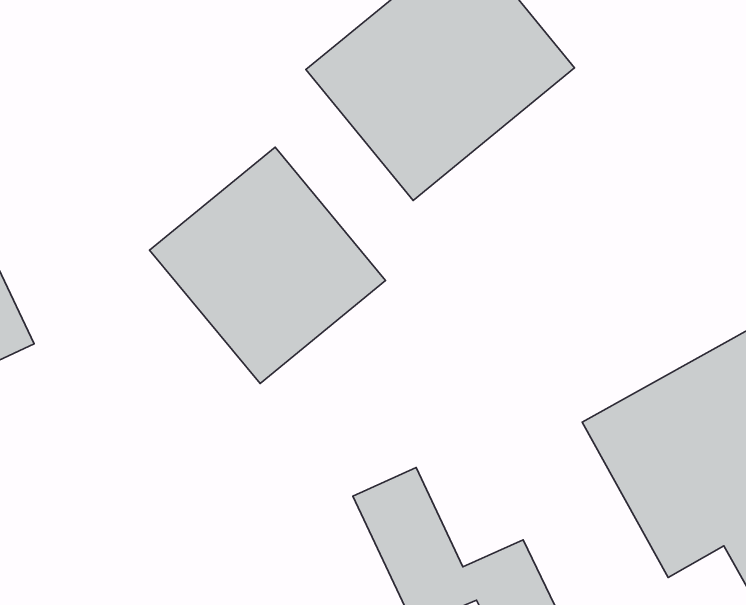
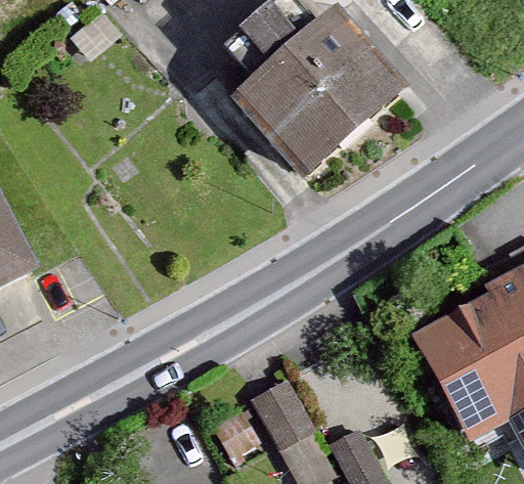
building: [150,147,385,384] -> none

